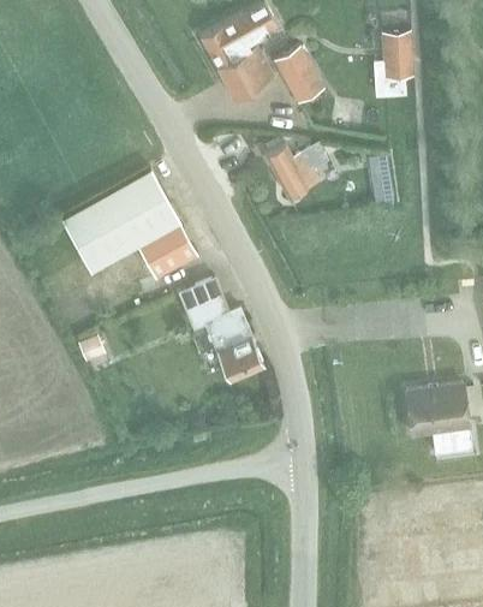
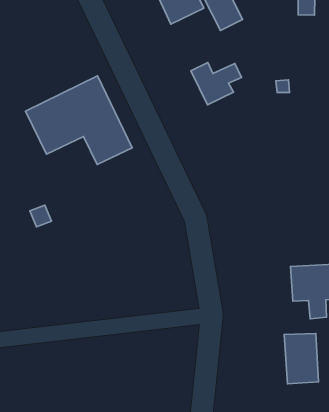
building: [179,279,264,382] -> none
building: none -> [284,334,318,384]

